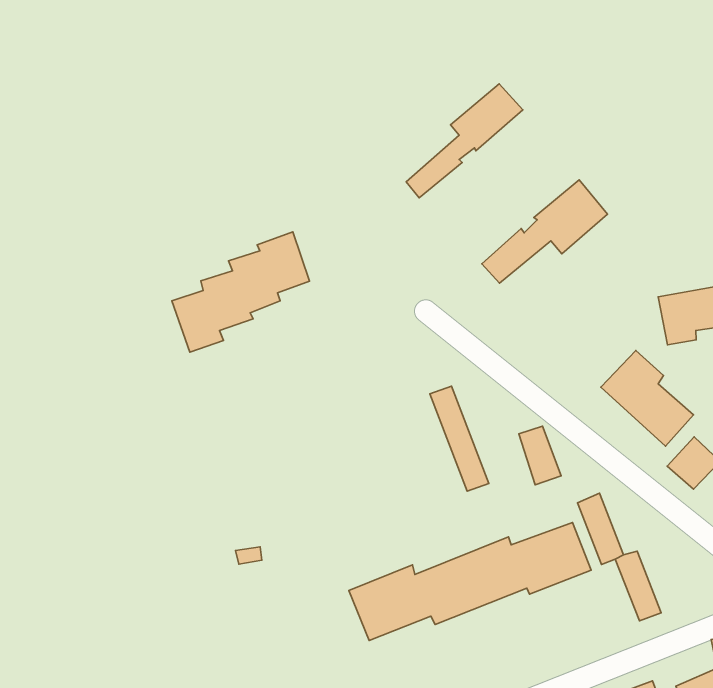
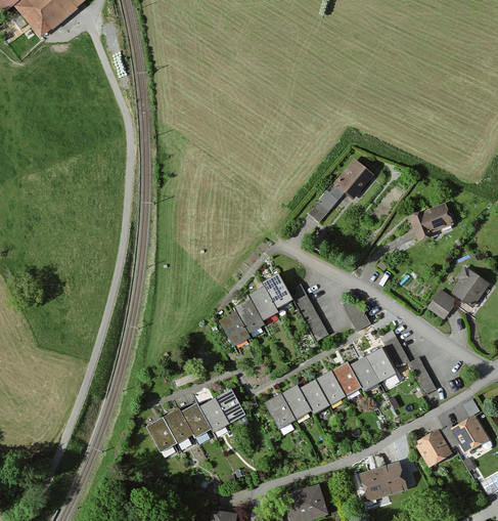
building: [406,84,523,198] -> none
building: [172,232,309,352] -> [219,272,292,347]
building: [601,350,694,446] -> none
building: none -> [145,389,245,452]

